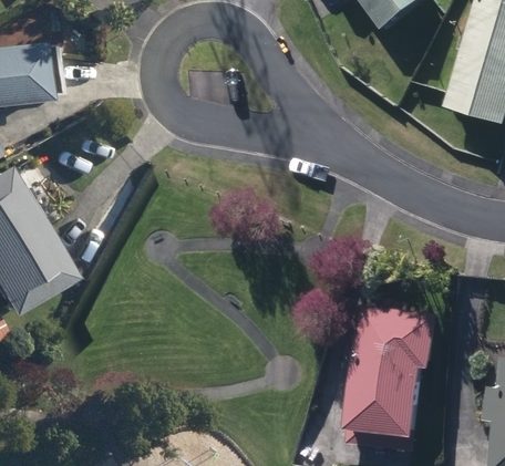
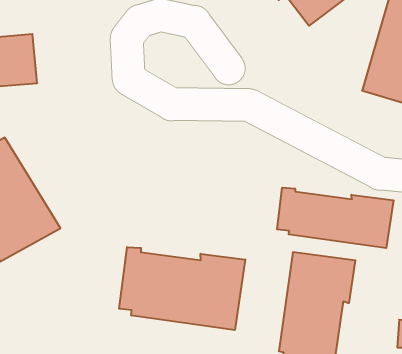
building: none -> [277,188,393,248]
building: none -> [119,247,245,330]

